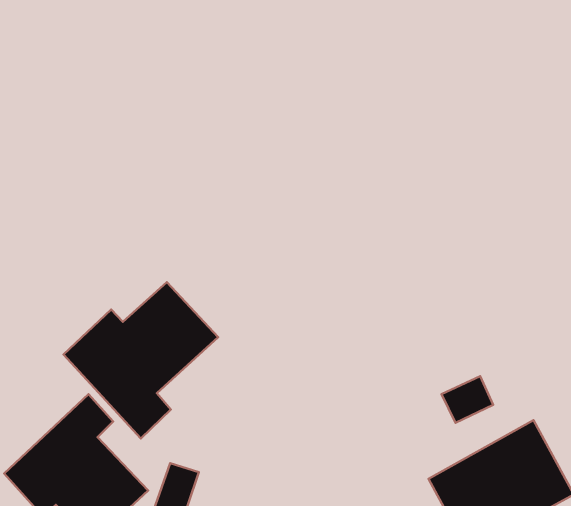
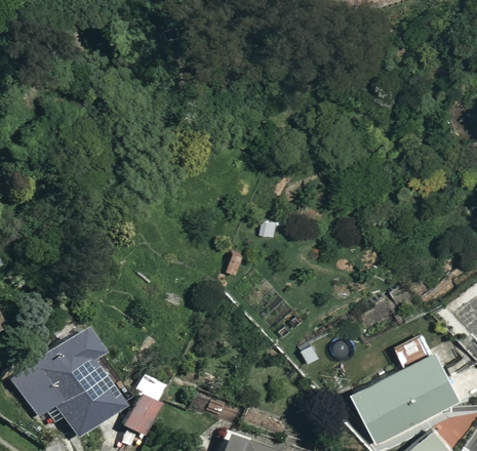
building: [64,282,218,438] -> none

